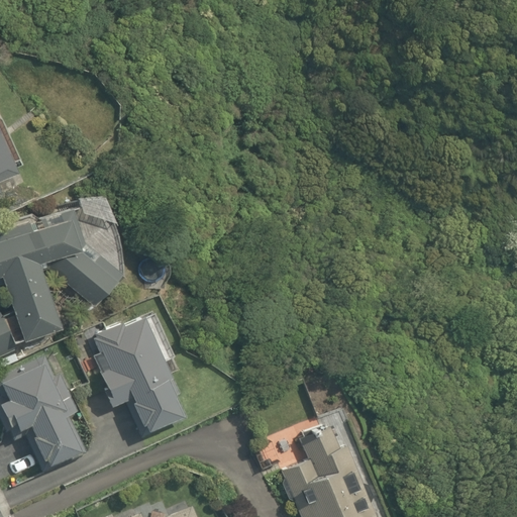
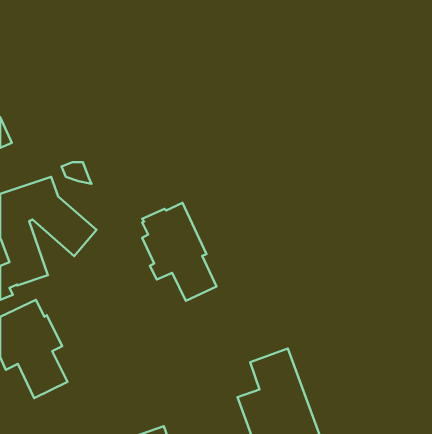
building: [95,317,183,433] -> [142,203,217,301]

